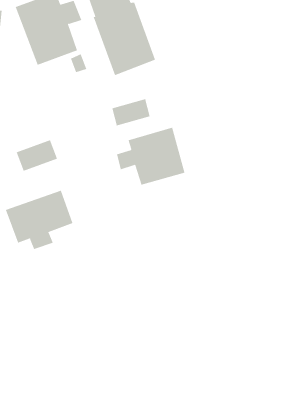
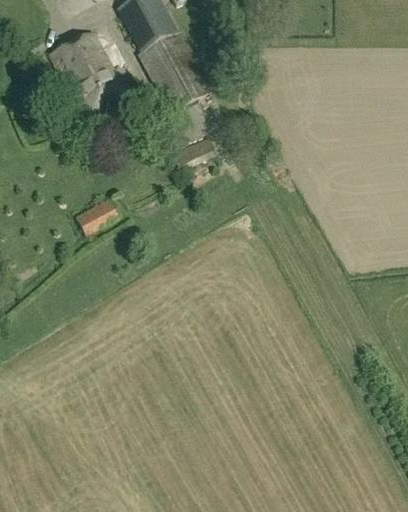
building: [116,127,185,186] -> none
building: [5,190,73,250] -> none

